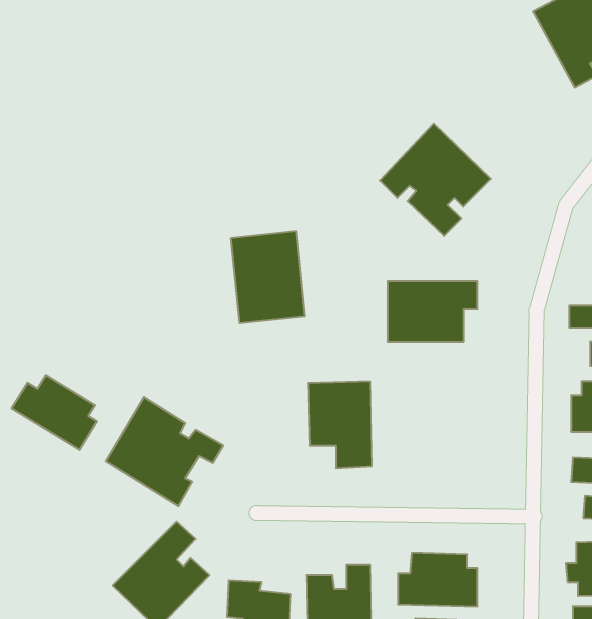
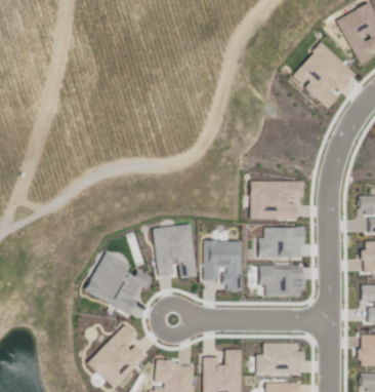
building: [380,124,491,236] -> [289,42,355,109]
building: [231,231,305,323] -> [152,224,196,278]
building: none -> [257,225,306,257]
building: [12,375,97,450] -> none
building: none -> [258,264,300,297]

